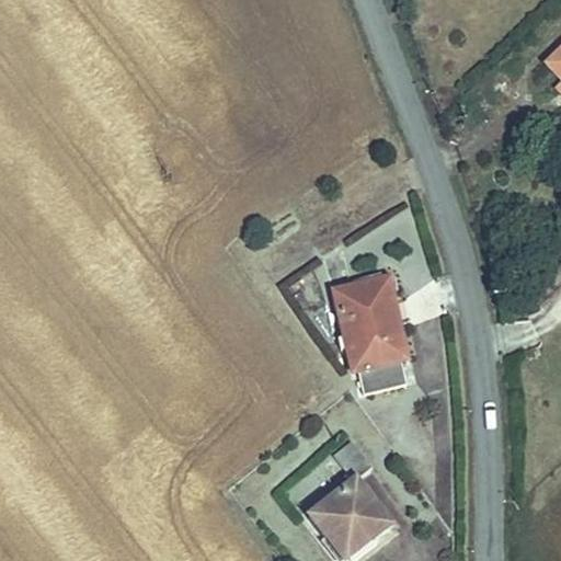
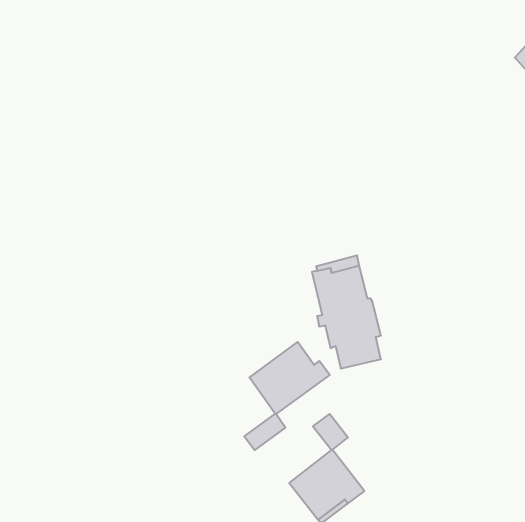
building: none -> [244,342,330,450]

